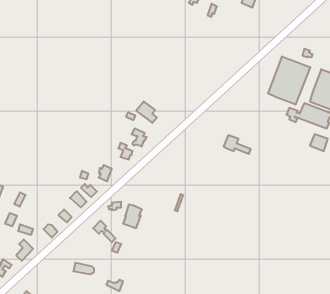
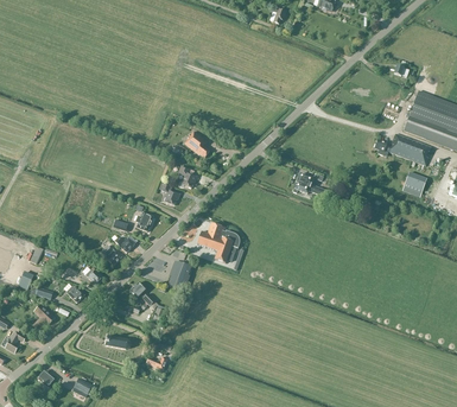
building: [268,56,310,105] -> none
building: none -> [197,223,239,262]

